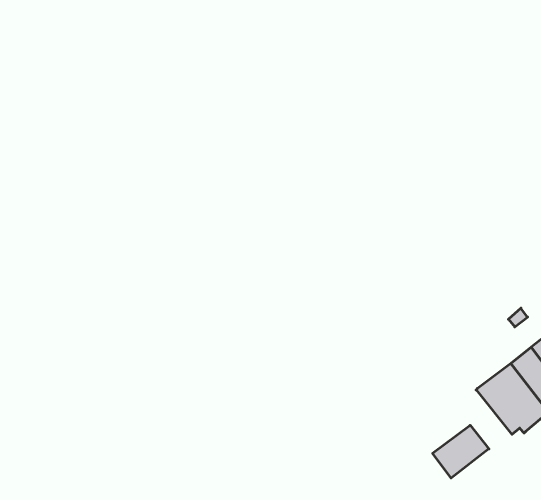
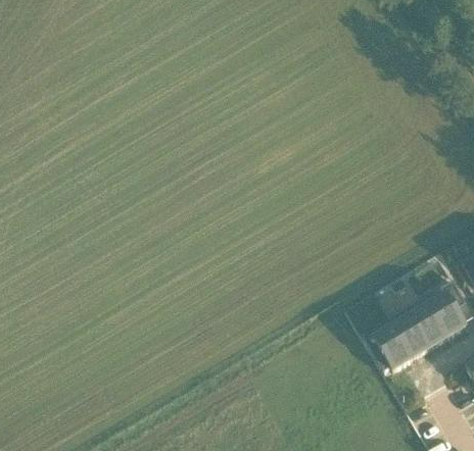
building: [433,425,489,478] -> none

